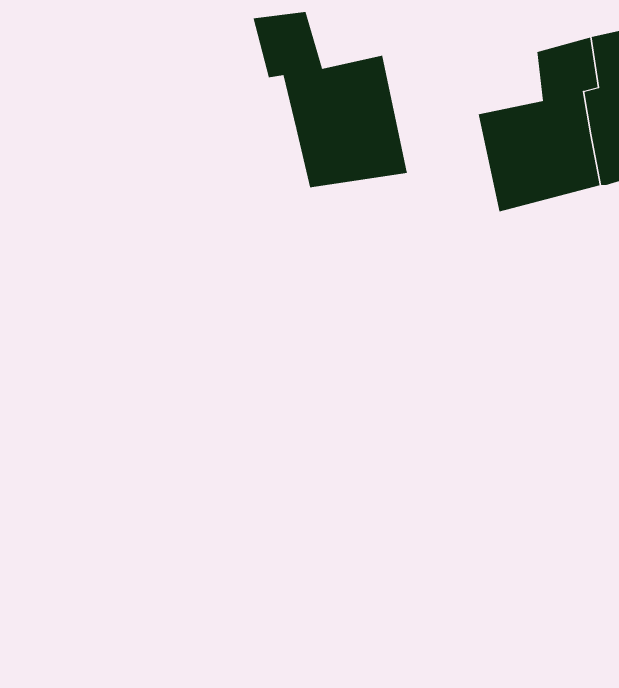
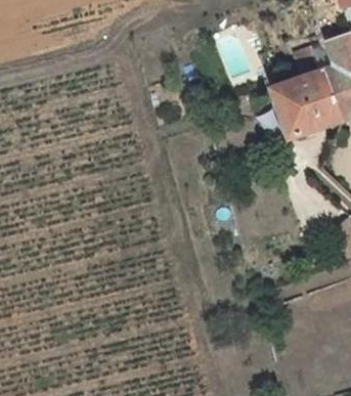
building: [253,11,408,188] -> none

